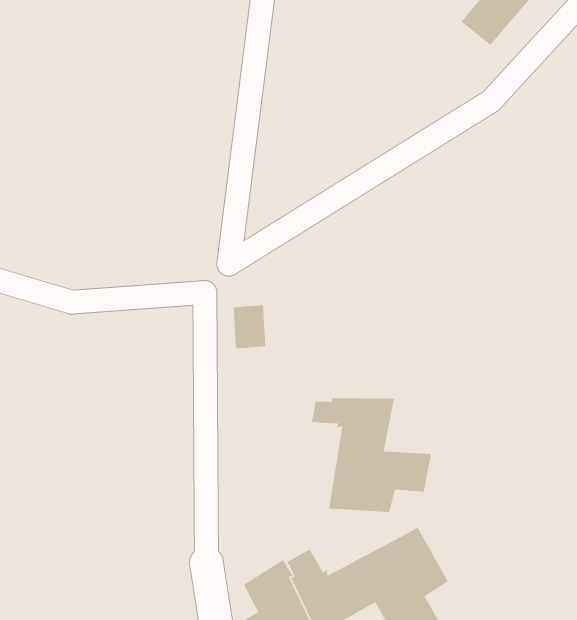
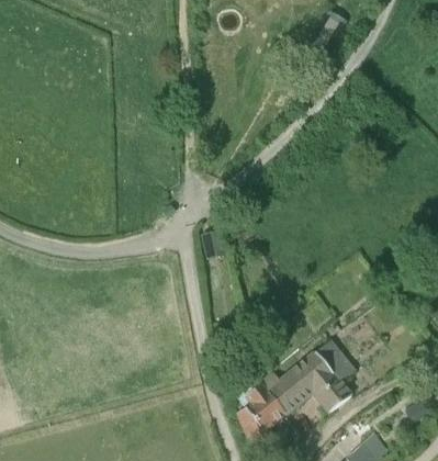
building: [311,398,432,513] -> none

